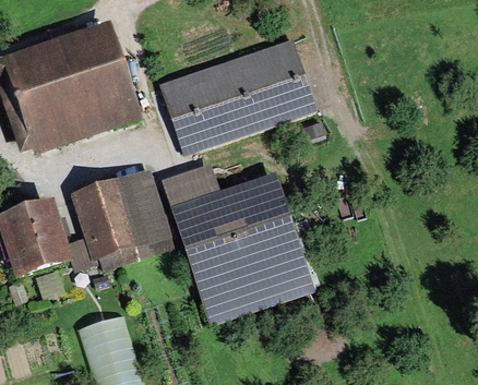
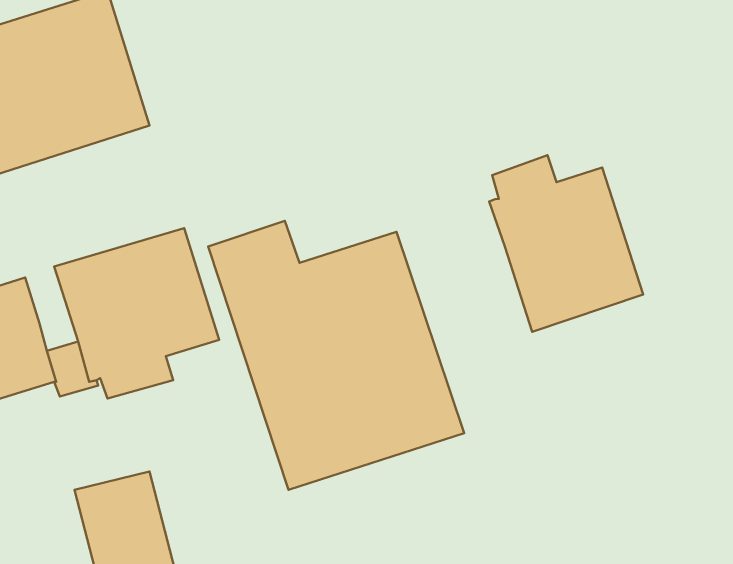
building: [159,40,313,155] -> none
building: none -> [489,155,643,332]

